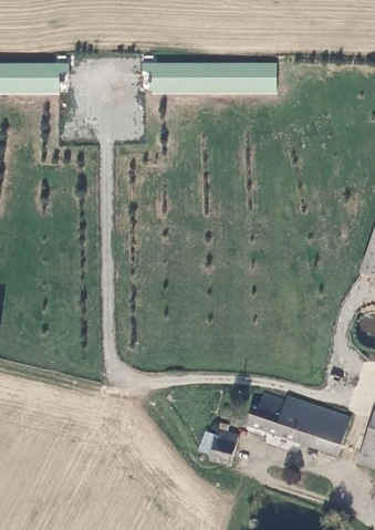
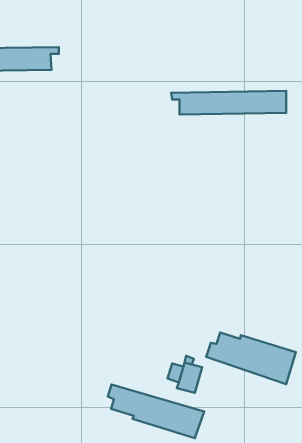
building: [146,62,281,90] -> [171,91,286,115]
building: none -> [108,384,204,438]

